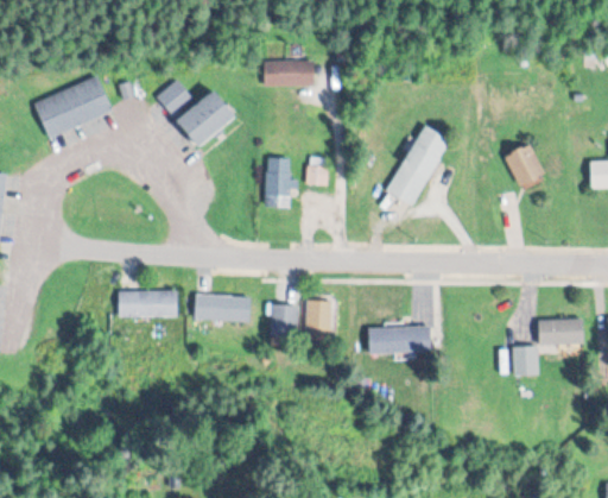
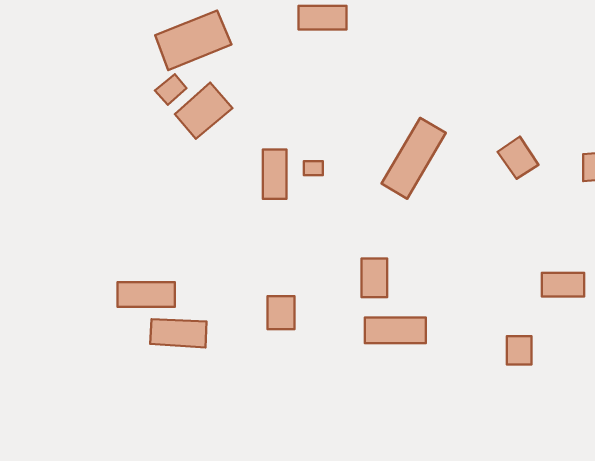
building: [265,61,314,84] -> [298,6,346,29]
building: [34,77,112,138] -> [155,10,231,70]
building: [194,295,251,323] -> [150,319,207,347]
building: [306,302,332,341] -> [361,258,387,297]
building: [539,319,582,342] -> [542,273,584,296]

